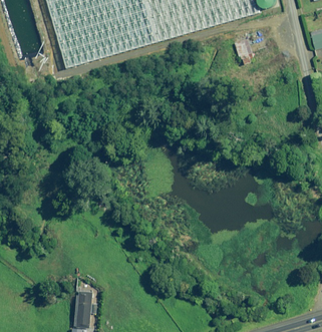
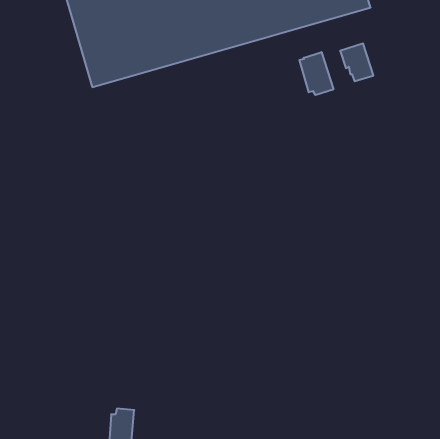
building: none -> [299,52,333,95]

